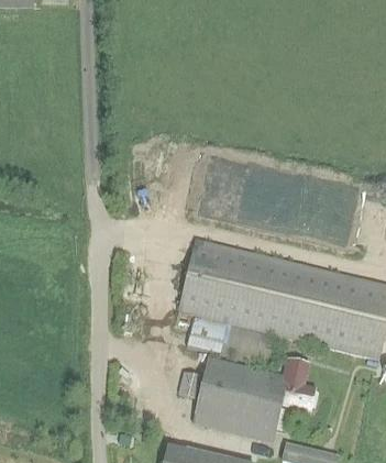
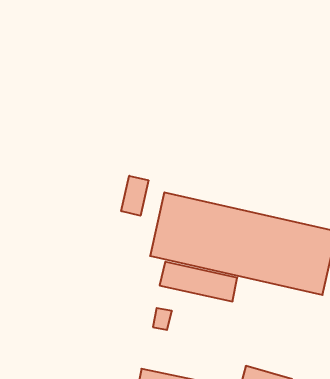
building: none -> [121,176,148,216]
building: [194,357,315,441] -> none

